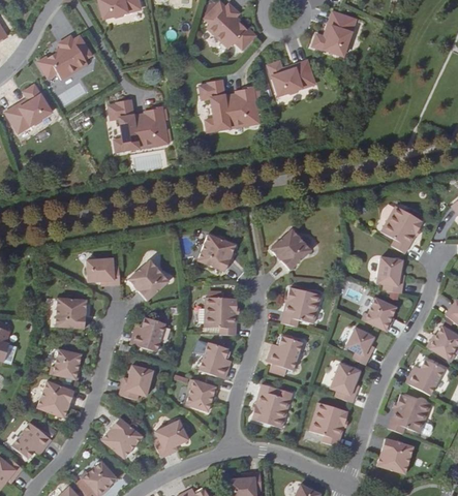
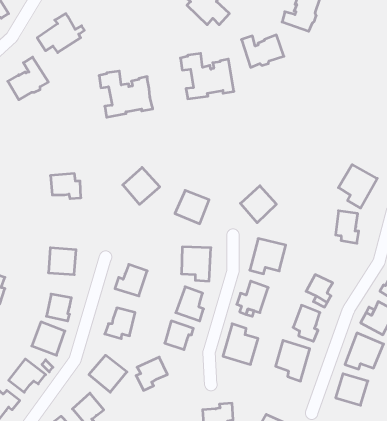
building: [85,257,119,285] -> [50,174,81,199]
building: [127,259,169,301] -> [123,167,160,204]
building: [365,296,396,331] -> none

